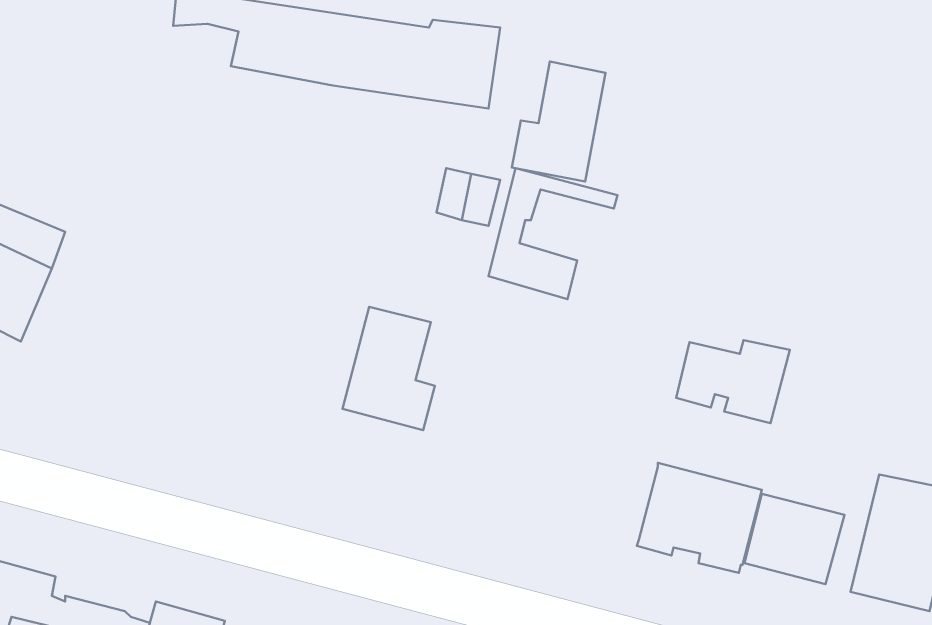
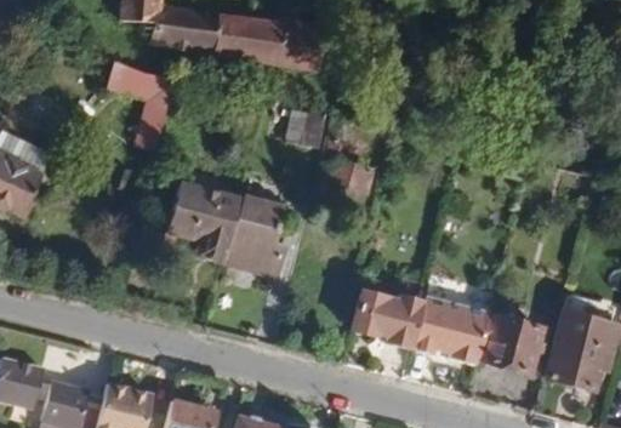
building: [512,61,605,181] -> none
building: none -> [107,61,175,150]
building: none -> [169,184,238,261]
building: [676,340,790,423] -> [352,292,423,344]

